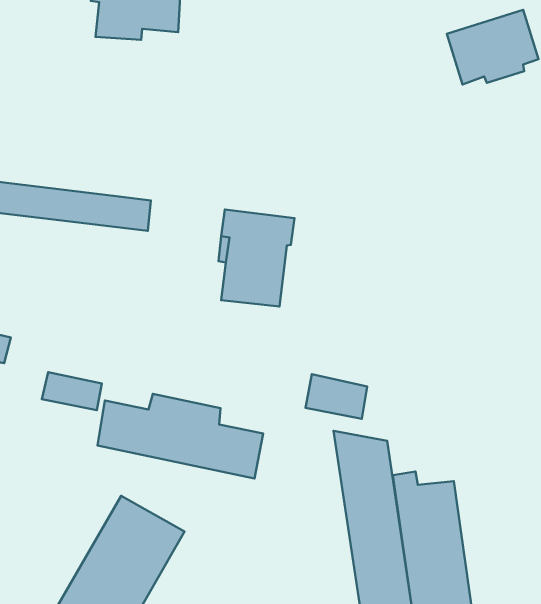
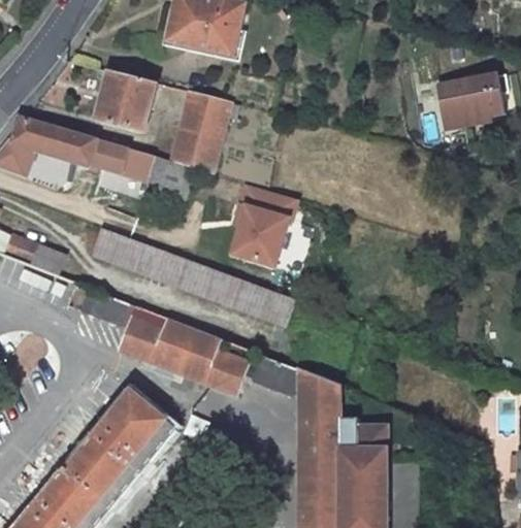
building: none -> [94,71,155,133]
building: none -> [168,92,228,176]
building: none -> [94,230,297,326]
building: [306,374,367,419] -> [251,353,300,393]

